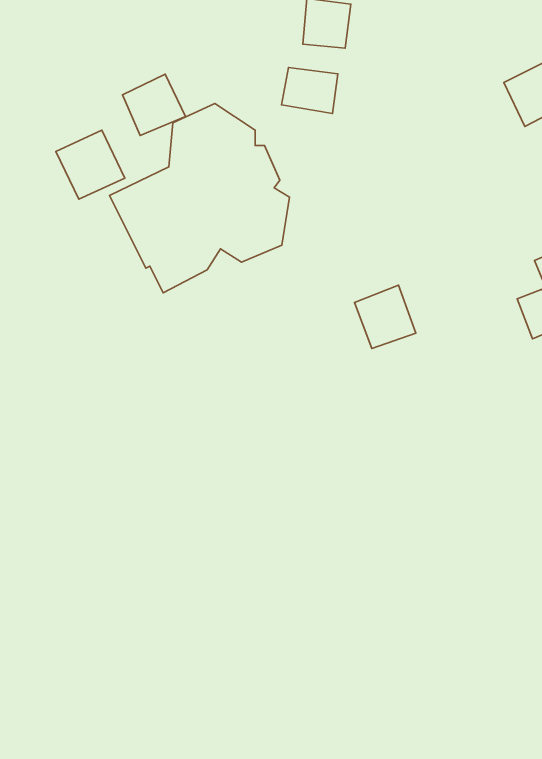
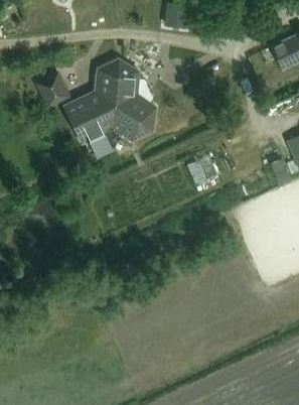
building: [282,67,338,113] -> none
building: [122,74,185,136] -> none

